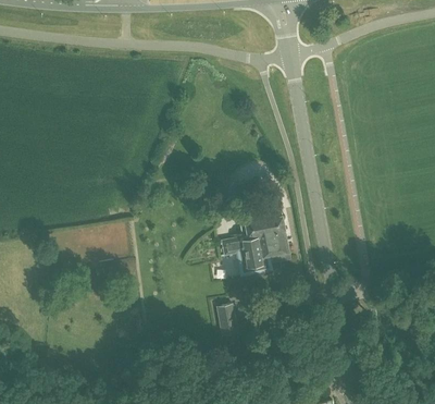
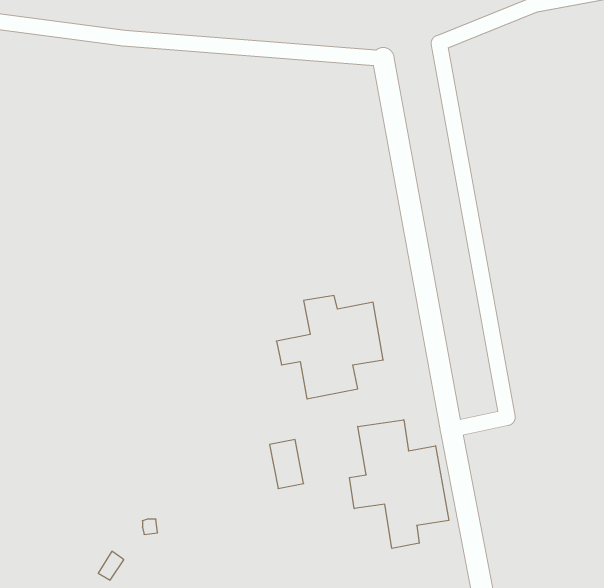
building: none -> [349,420,449,548]

